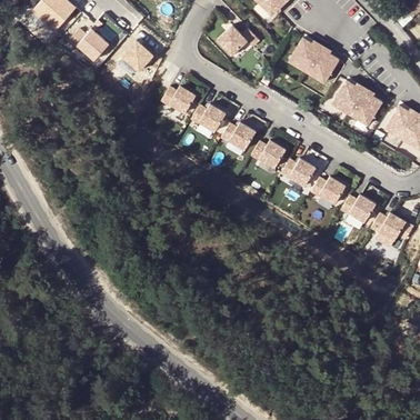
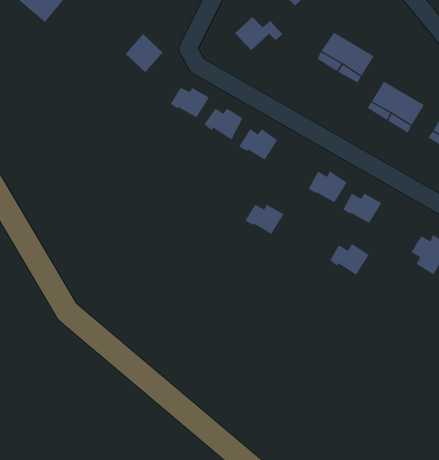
building: [68,27,108,58] -> none
building: [251,139,286,166] -> [244,204,284,235]
building: [341,193,376,221] -> [330,243,369,275]

